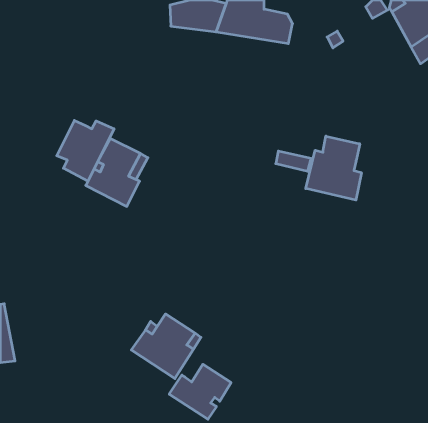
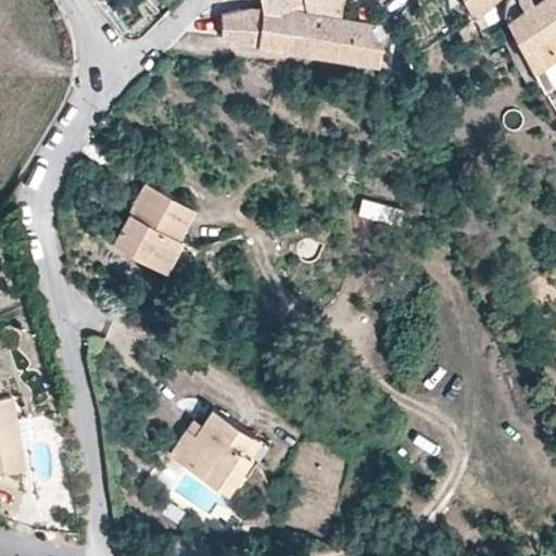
building: [57,120,114,181] -> none
building: [306,136,361,200] -> none
building: [169,364,231,419] -> none

